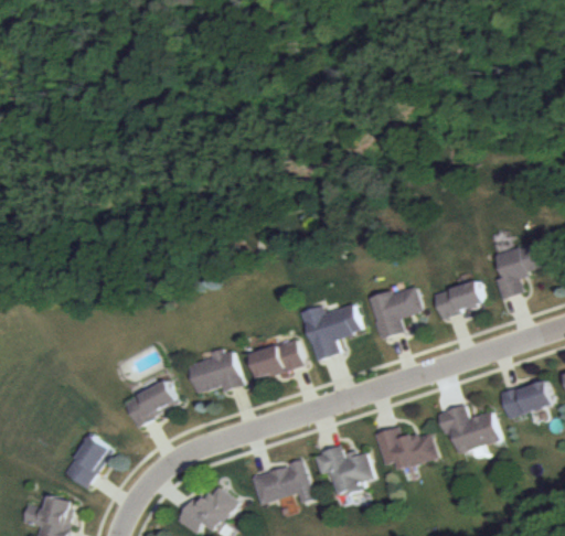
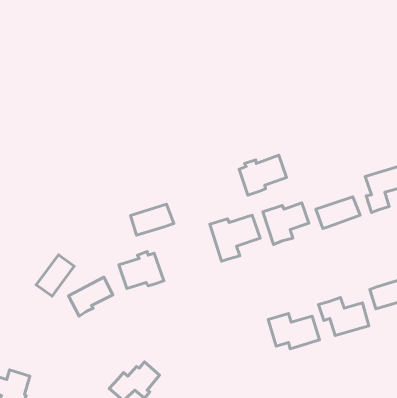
building: none -> [239,155,287,195]
building: [249,340,303,378] -> [130,204,174,235]
building: [65,435,113,486] -> [36,255,74,296]
building: [313,446,375,497] -> none
building: [249,459,313,504] -> none

